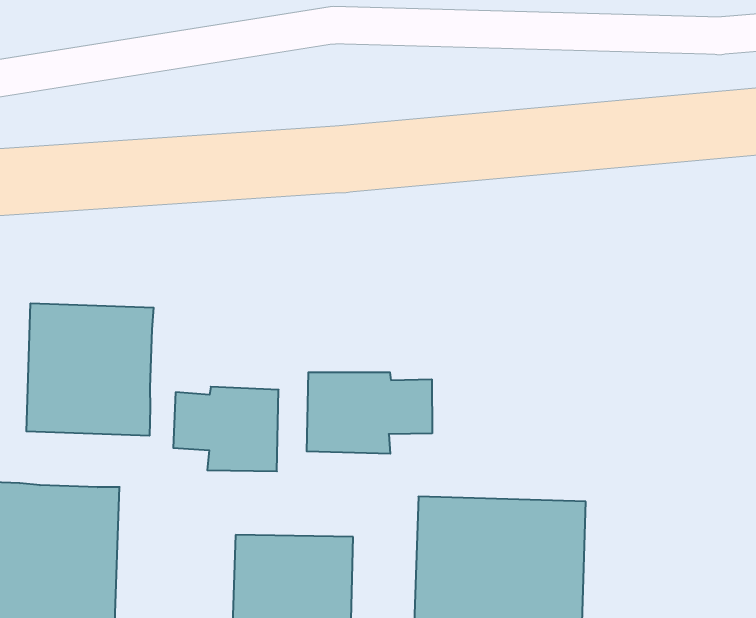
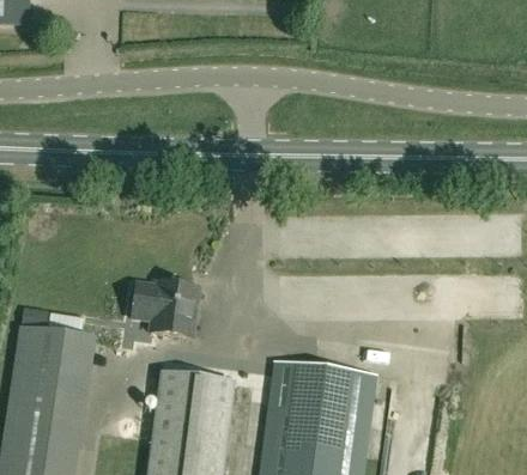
building: [26,303,154,436] -> none
building: [307,372,432,454] -> none

